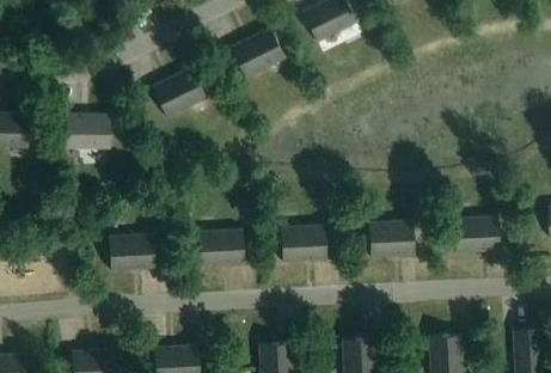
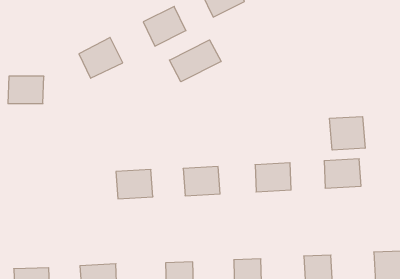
building: none -> [169,40,221,82]
building: none -> [330,117,365,150]
building: [110,234,154,270] -> none

